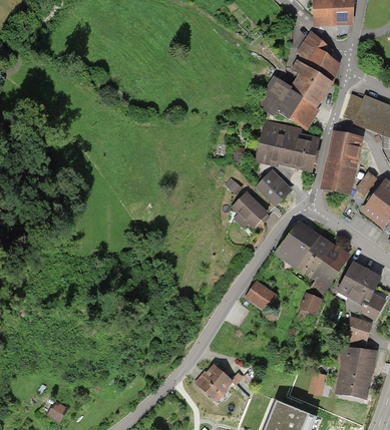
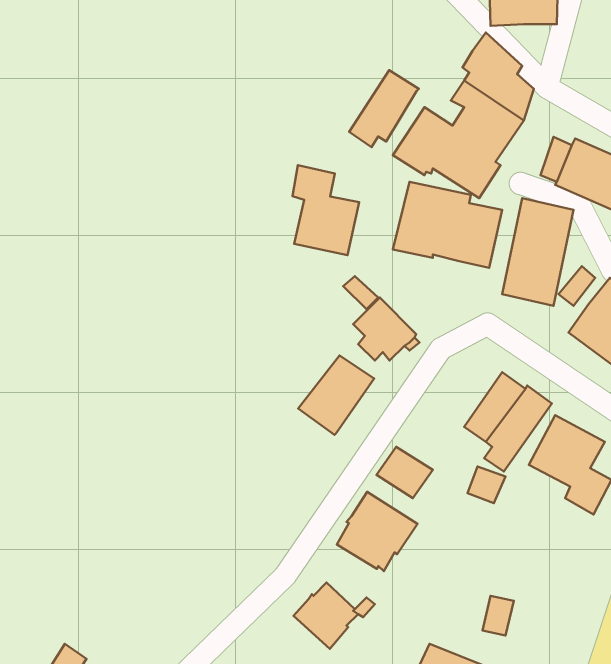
building: none -> [349,70,419,147]
building: none -> [292,165,359,255]
building: [255,168,293,206] -> none
building: [274,221,320,269] -> [298,355,374,435]
building: none -> [337,492,418,571]
building: [349,315,372,343] -> none
building: [334,345,377,400] -> none

